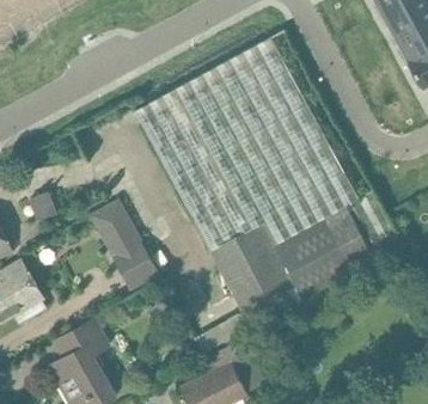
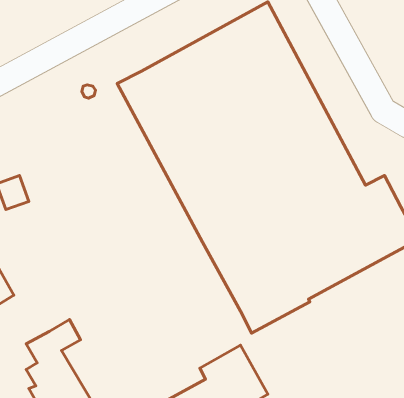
building: [88,197,160,289] -> none

